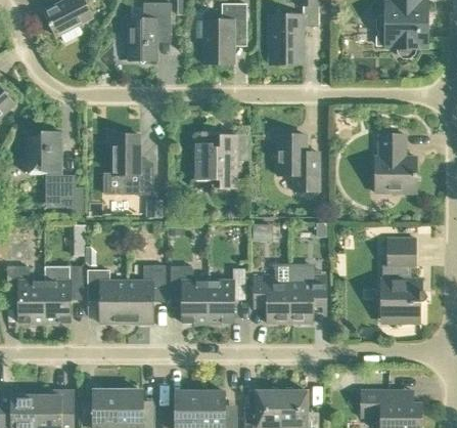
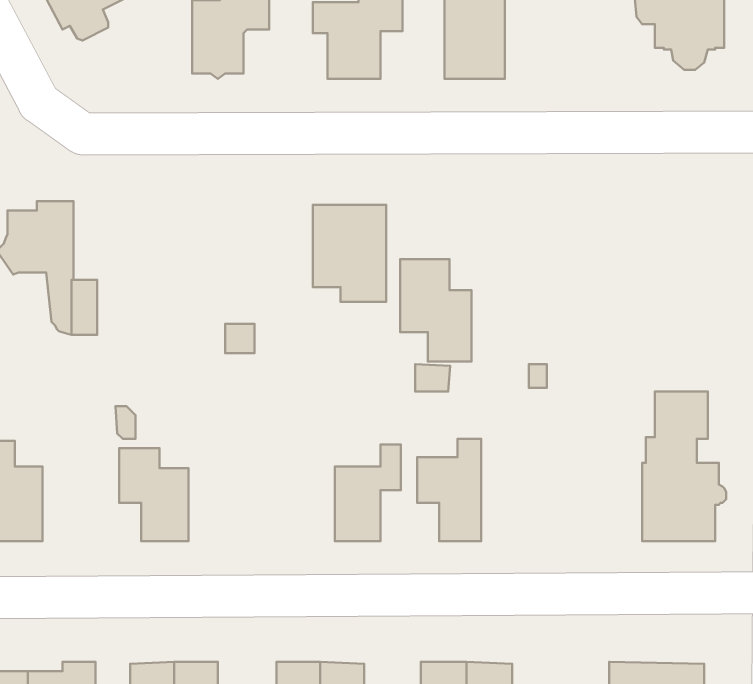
building: [111,133,152,192] -> none
building: [278,133,318,190] -> [400,259,472,361]
building: [375,133,416,191] -> none
building: [126,264,165,322] -> none
building: [44,265,82,322] -> none
building: [171,265,208,322] -> none
building: [289,274,325,322] -> none

